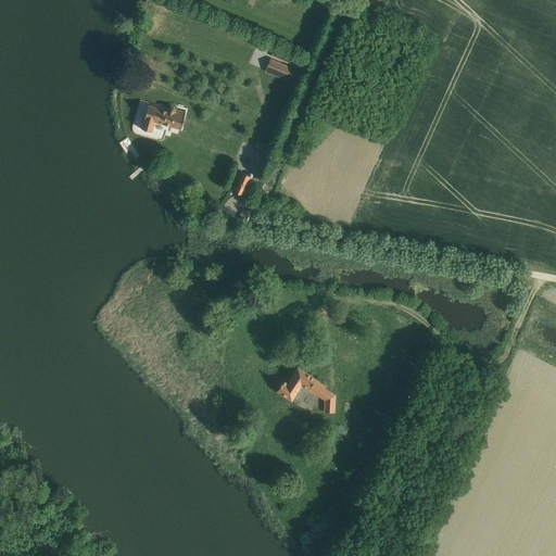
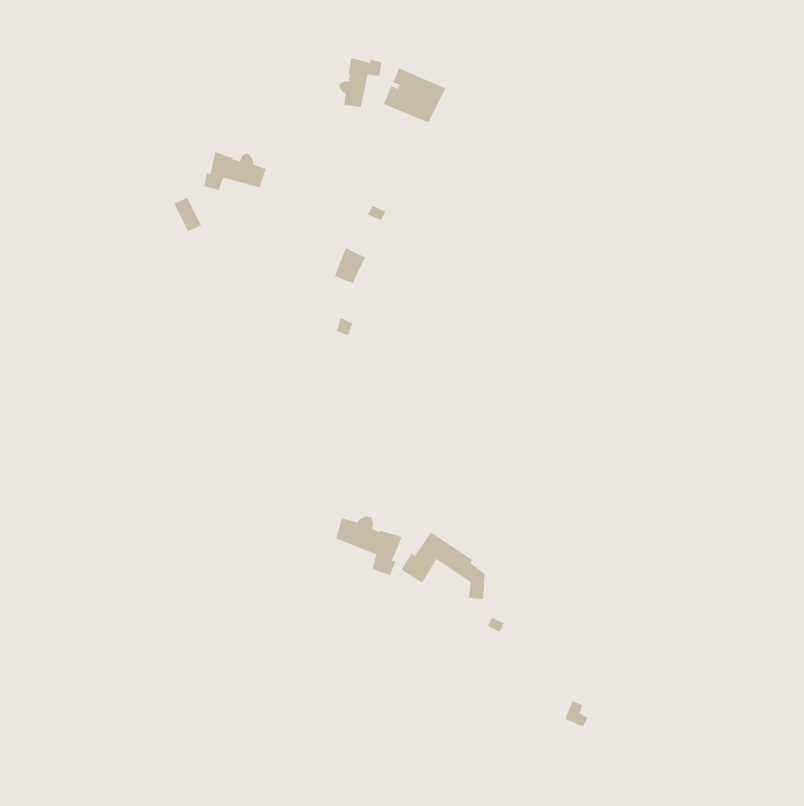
building: none -> [339,57,382,108]
building: none -> [336,515,402,576]

